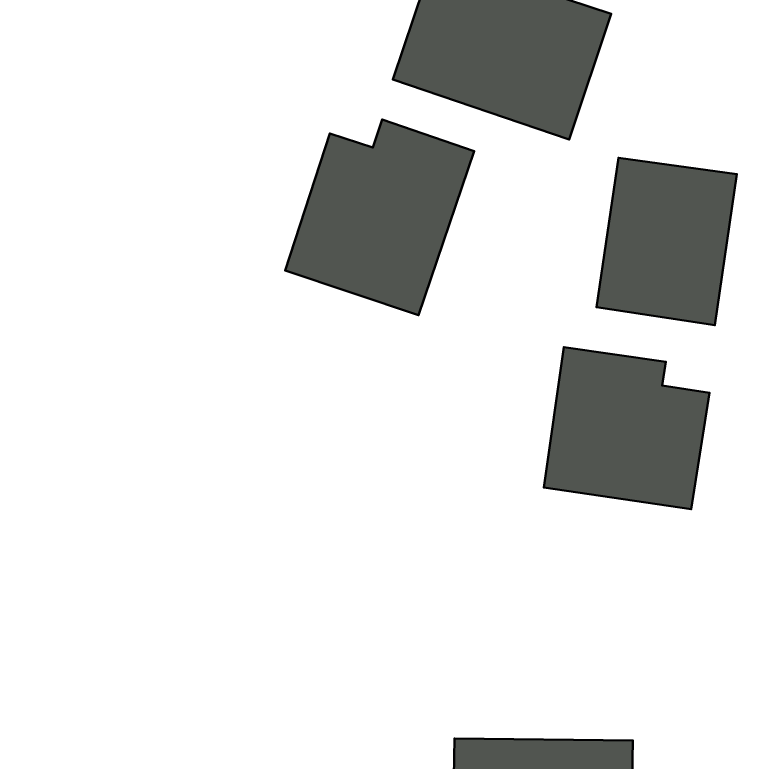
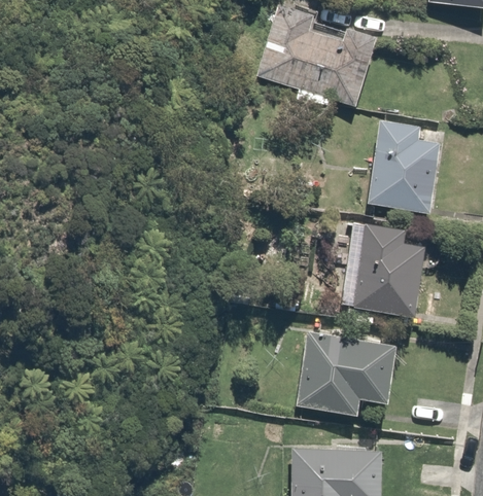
building: [285,120,474,315] -> none
building: none -> [294,336,400,414]

